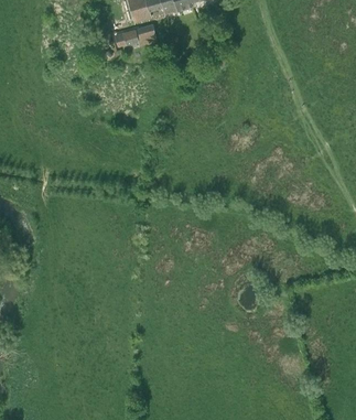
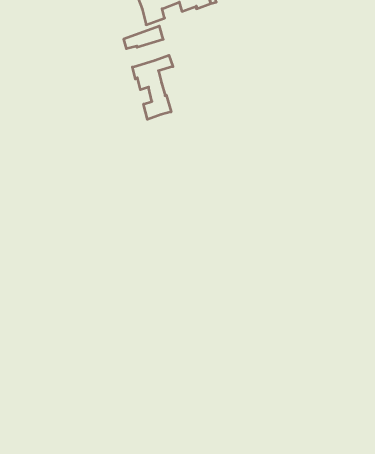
building: none -> [132,55,173,119]

